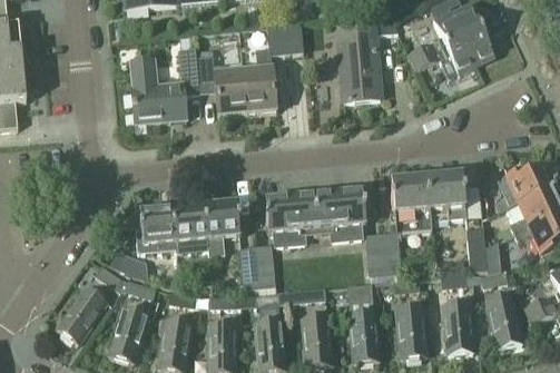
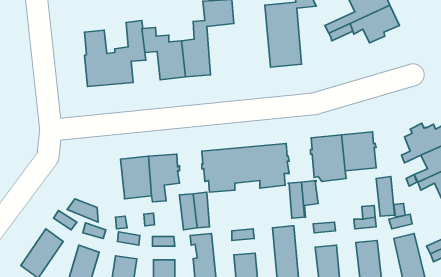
building: [135,205,177,252] -> none

